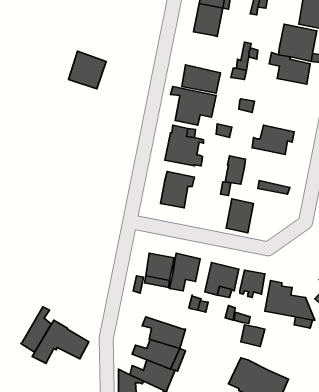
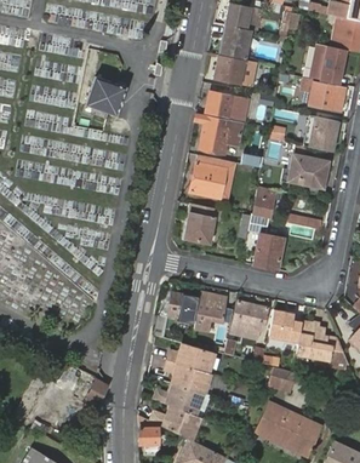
building: none -> [215,56,245,84]
building: none -> [296,125,337,145]
building: none -> [168,343,215,373]
building: [21,307,52,352] -> none

